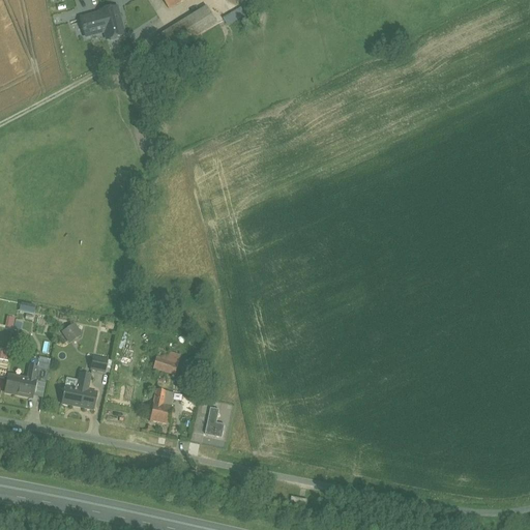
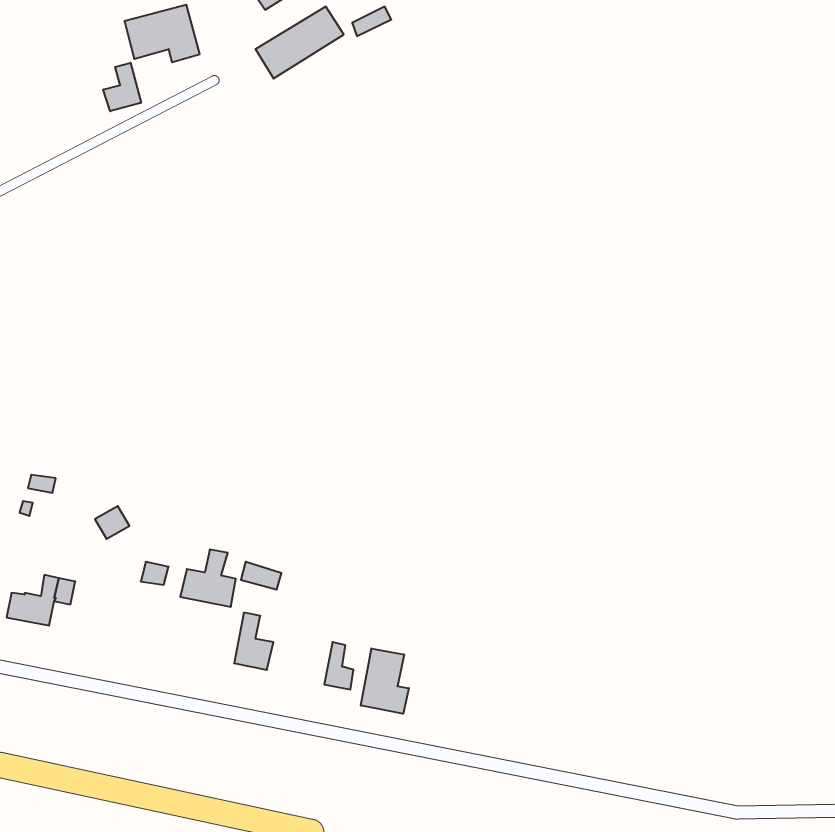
building: none -> [103,63,141,111]
building: [60,372,95,408] -> [180,549,236,607]
building: none -> [361,648,409,714]

